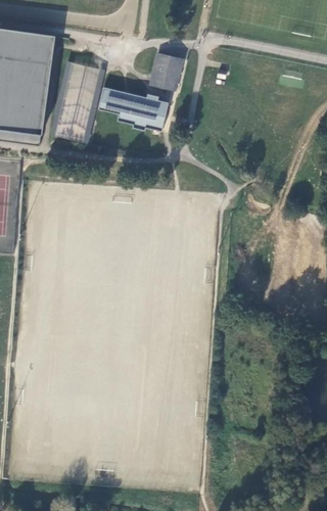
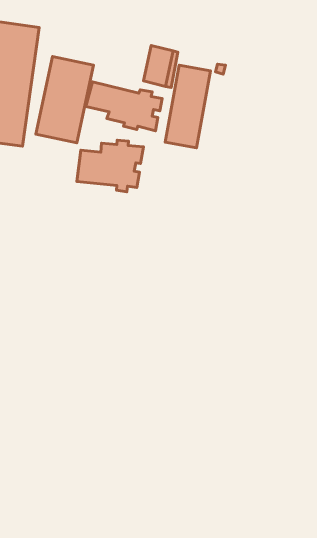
building: none -> [165,65,211,148]
building: none -> [77,140,144,192]

